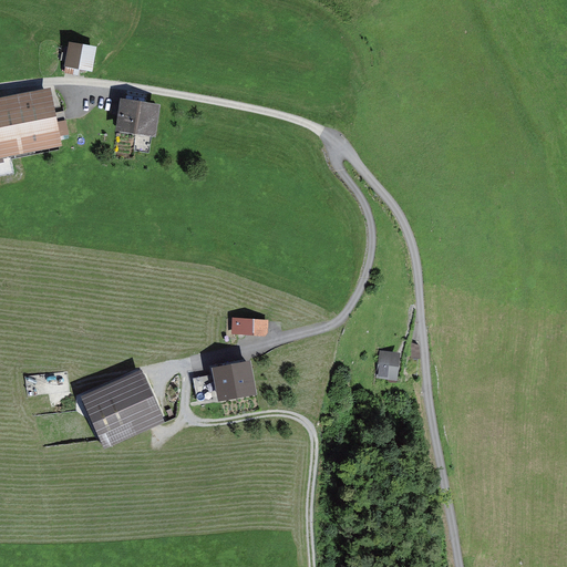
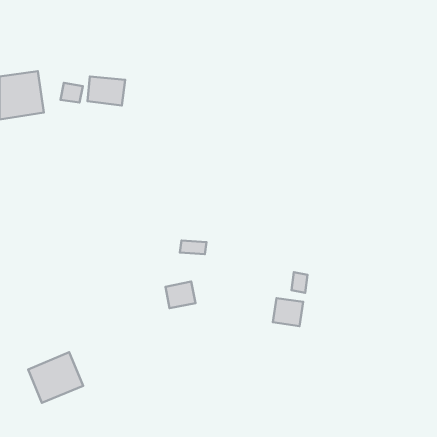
building: [64,42,93,68] -> [60,83,83,102]
building: [89,373,159,439] -> [28,352,83,403]
building: none -> [273,298,303,326]

